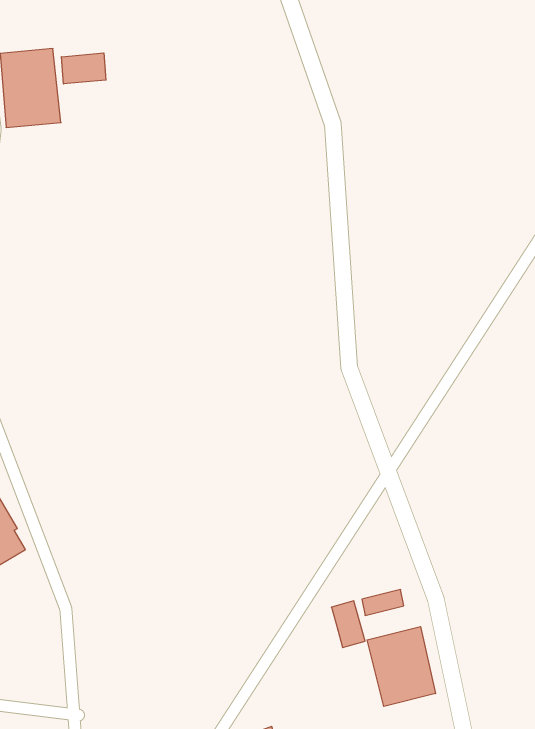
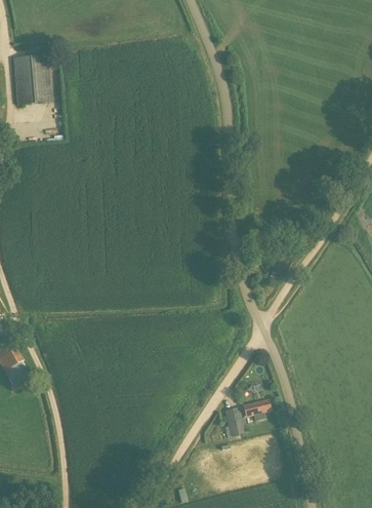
building: [61,53,106,84] -> none
building: [367,627,436,706] -> none

